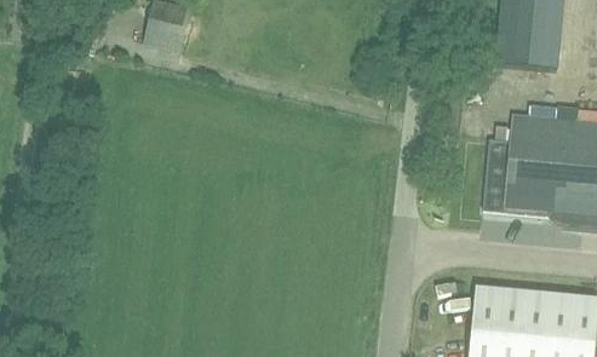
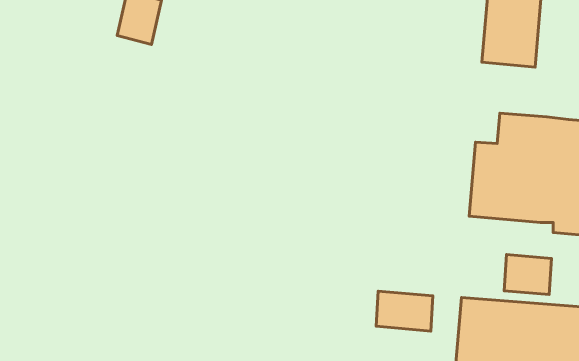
building: none -> [504,254,551,295]
building: none -> [376,291,433,331]

